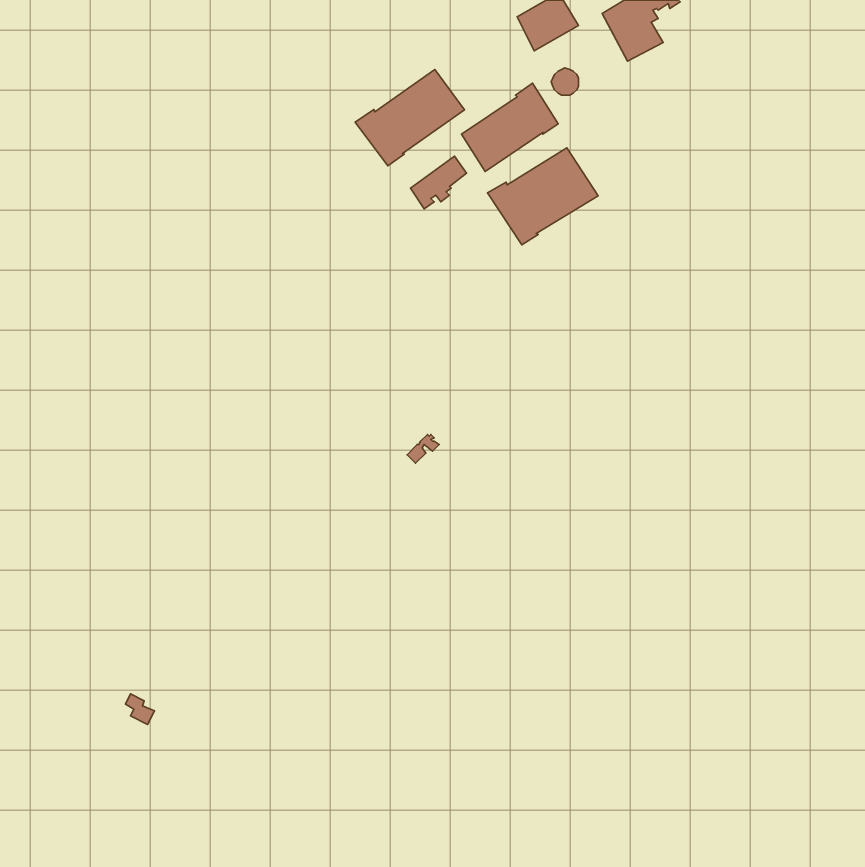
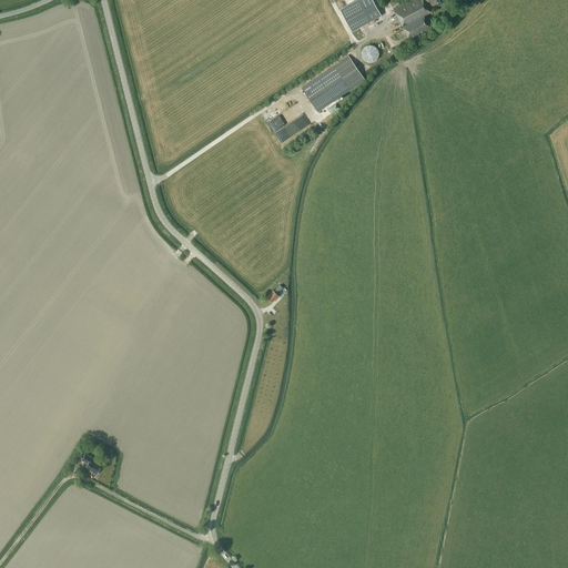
building: [355,70,465,166] -> none
building: [487,148,598,245] -> none

